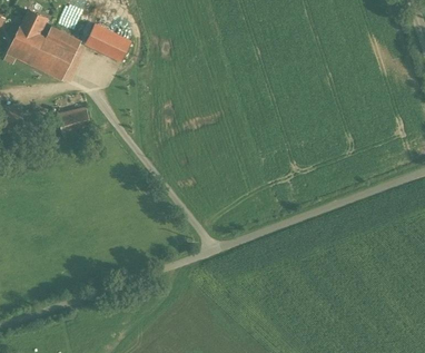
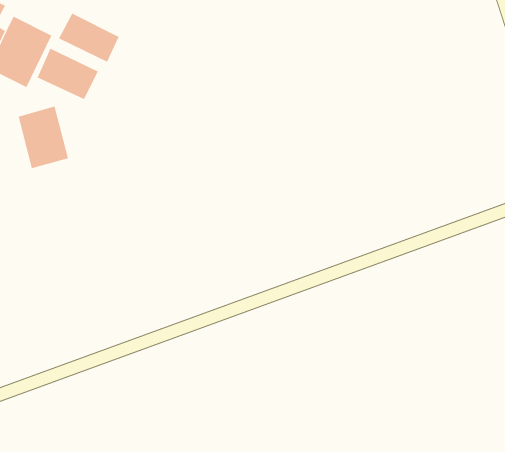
building: none -> [37,48,98,100]

